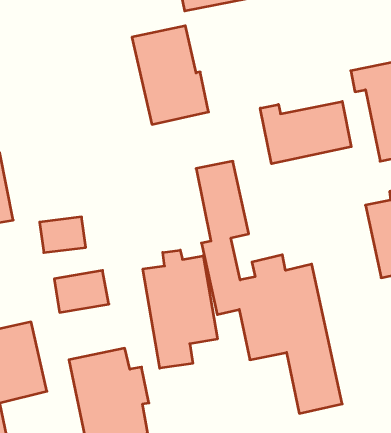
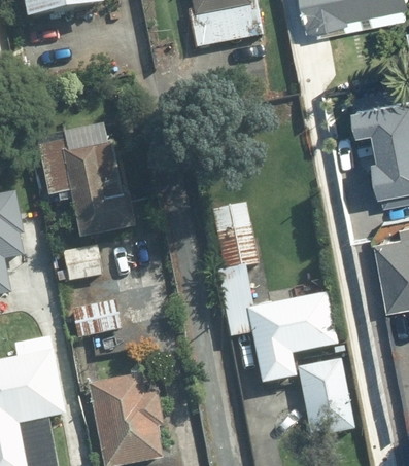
building: [132,26,209,124] -> [57,145,132,242]
building: [260,101,351,164] -> none
building: [143,250,217,368] -> none

